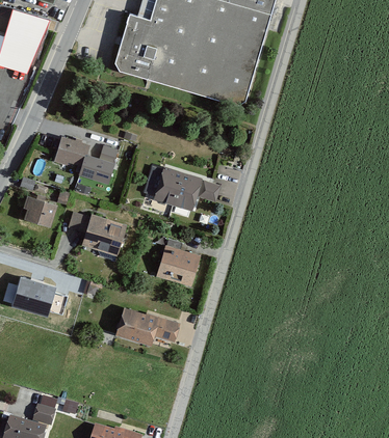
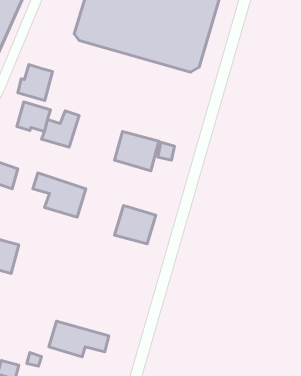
building: none -> [18,65,53,100]
building: [114,306,178,344] -> [49,321,109,357]

